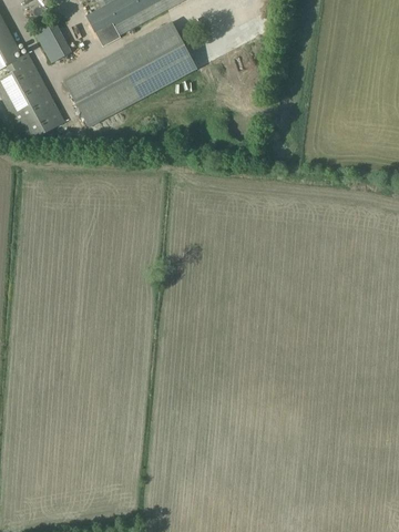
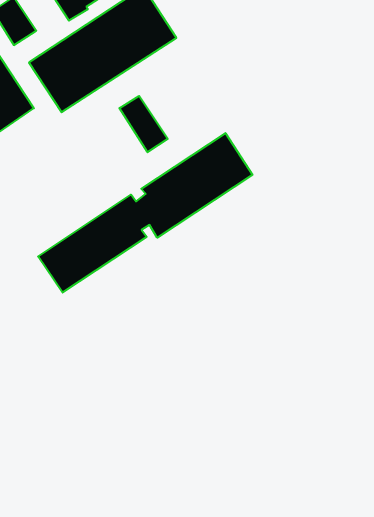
building: none -> [119,96,168,152]
building: none -> [38,133,252,293]

